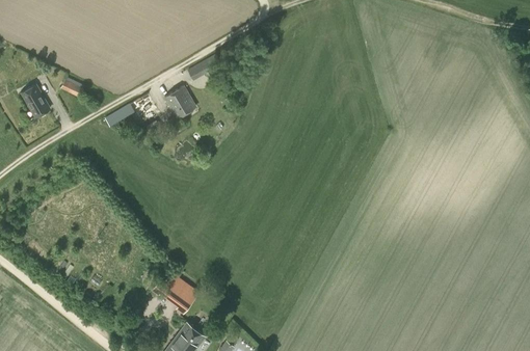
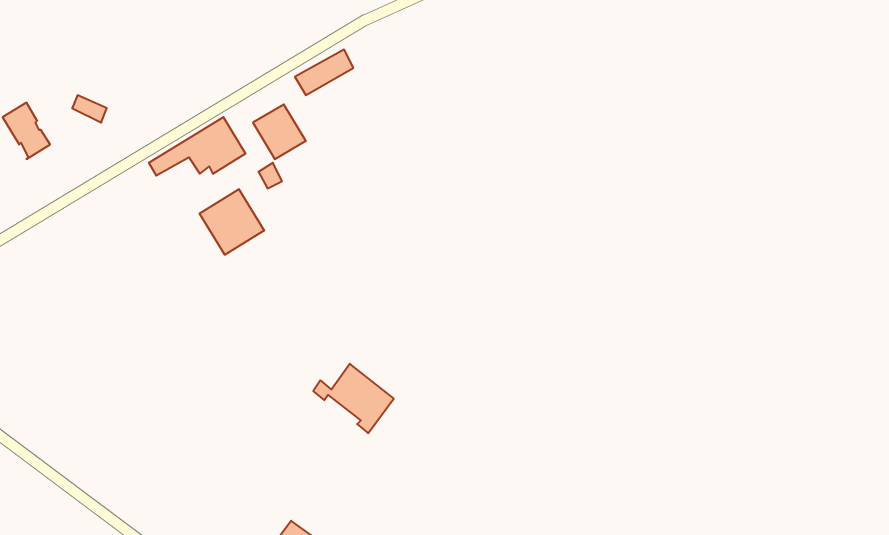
building: none -> [200,189,264,255]
building: [152,273,197,313] -> [313,364,394,433]

